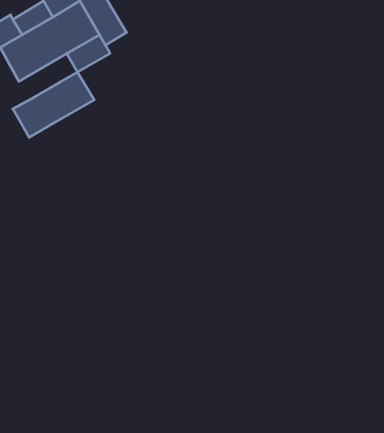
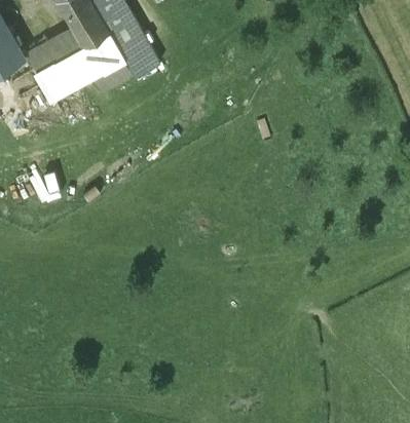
building: [13,72,94,137] -> none

